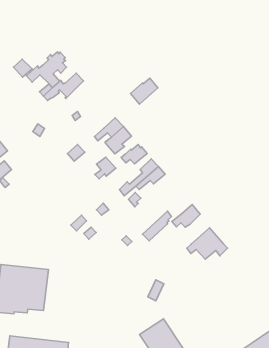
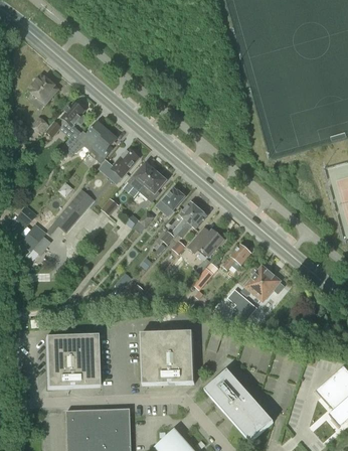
building: none -> [28,74,58,104]
building: [131,78,158,104] -> [111,148,139,177]
building: none -> [90,129,117,163]
building: none -> [53,188,95,233]
building: none -> [187,227,224,257]
building: none -> [227,289,256,320]
building: none -> [141,331,194,384]

